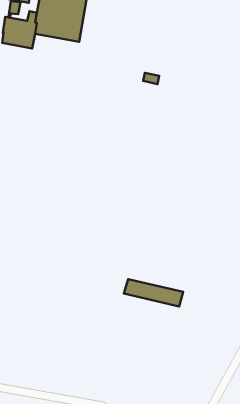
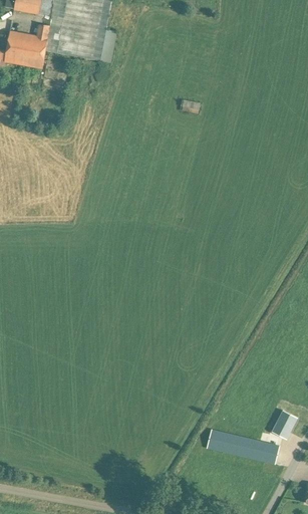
building: [124,279,183,307] -> [206,430,279,464]
building: none -> [270,412,293,438]

